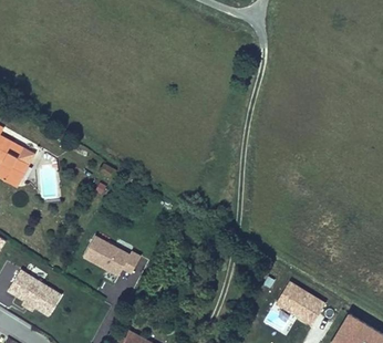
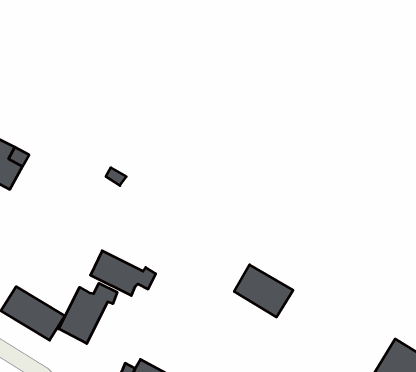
building: none -> [59,283,117,344]
building: [276,279,327,324] -> [234,265,293,317]

